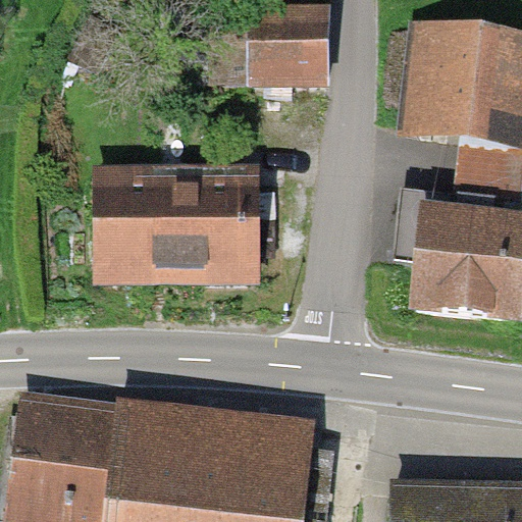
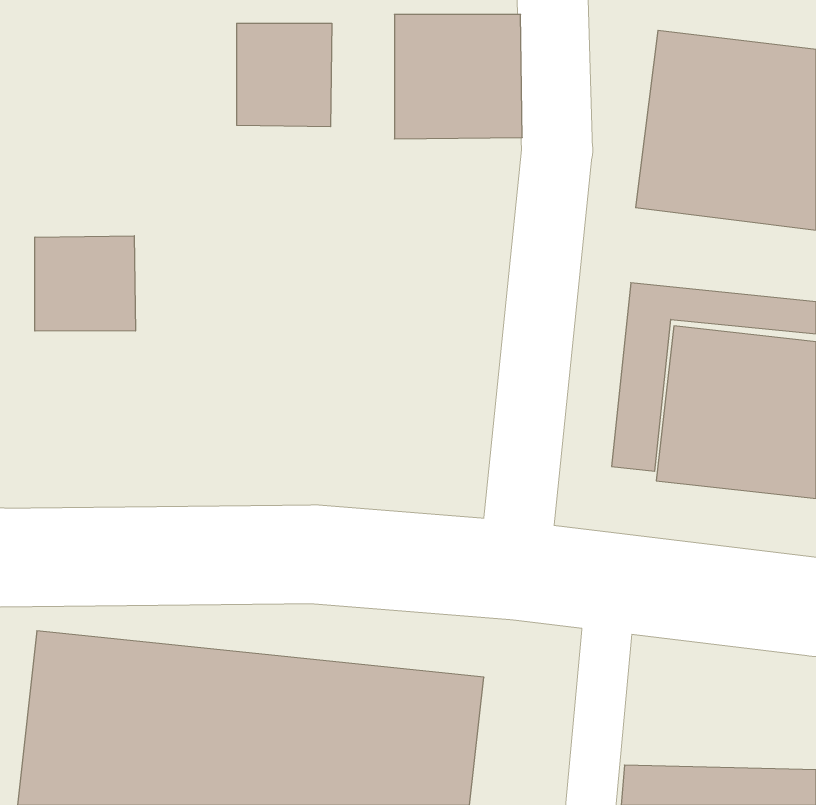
building: none -> [237,23,332,127]
building: none -> [35,236,135,331]
building: [102,173,261,278] -> none

